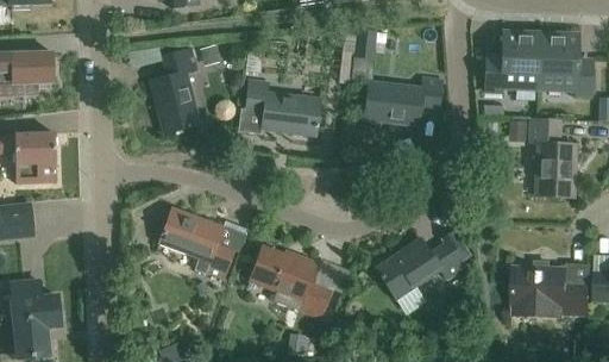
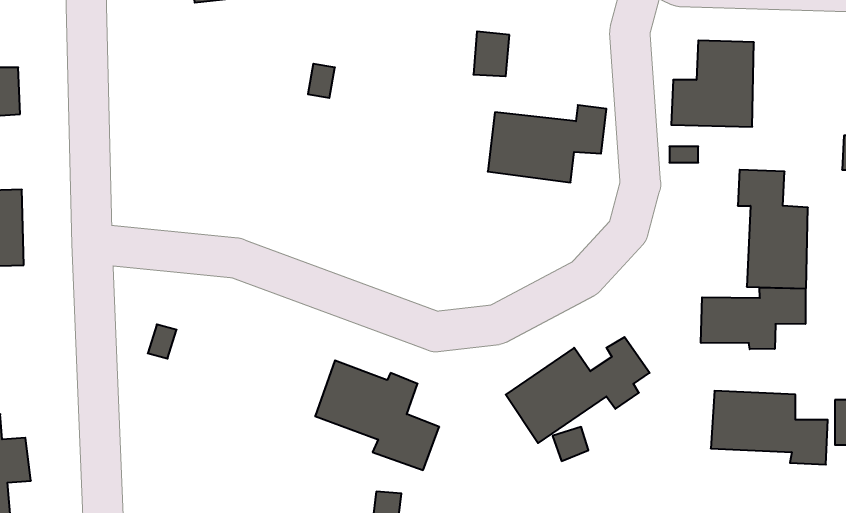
building: [539,35,594,93] -> none
building: [151,48,201,135] -> none
building: [246,81,320,136] -> none
building: none -> [701,287,806,349]
building: [159,207,234,279] -> none

